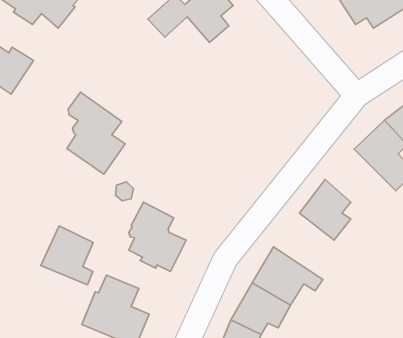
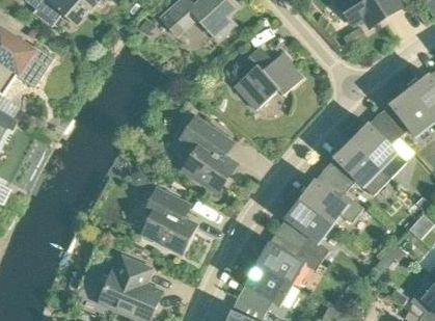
building: none -> [230,48,302,109]
building: [67,92,125,174] -> [182,116,236,192]
building: none -> [324,139,389,194]
building: none -> [276,198,332,260]
building: [41,226,93,285] -> none

